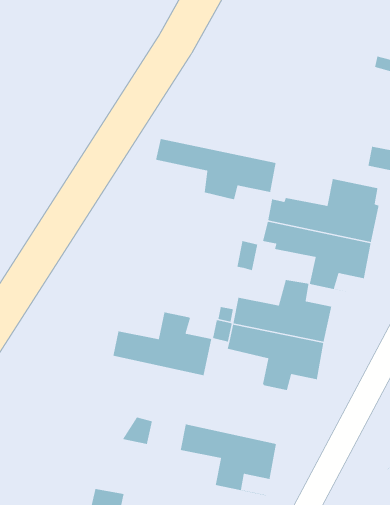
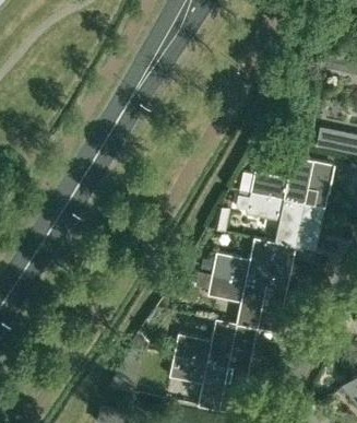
building: [155,138,276,200] -> none
building: [112,312,212,376] -> [174,319,254,372]

